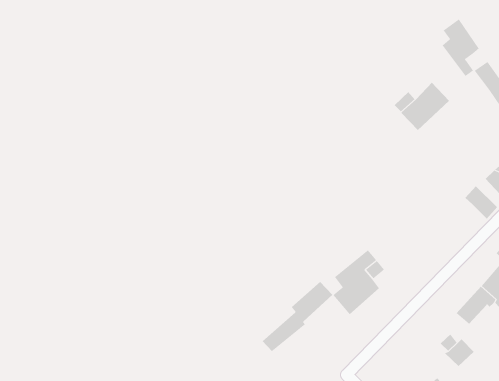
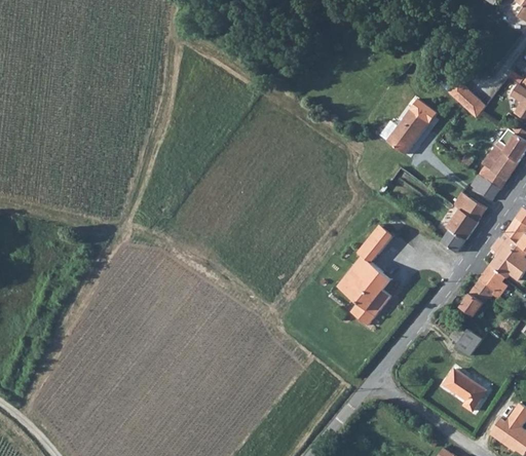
building: [442,19,480,77] -> none
building: none -> [445,210,480,253]
building: [262,281,333,352] -> [340,223,398,292]

